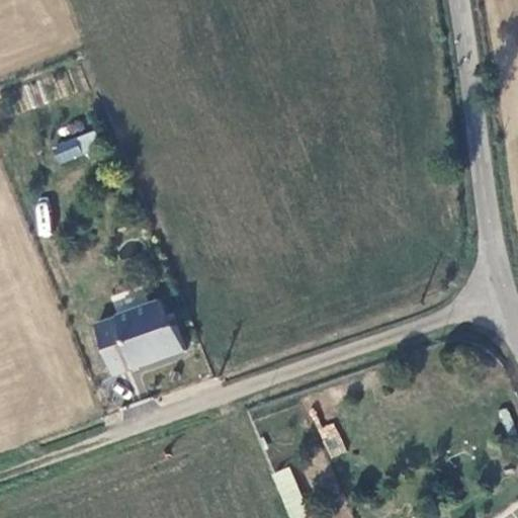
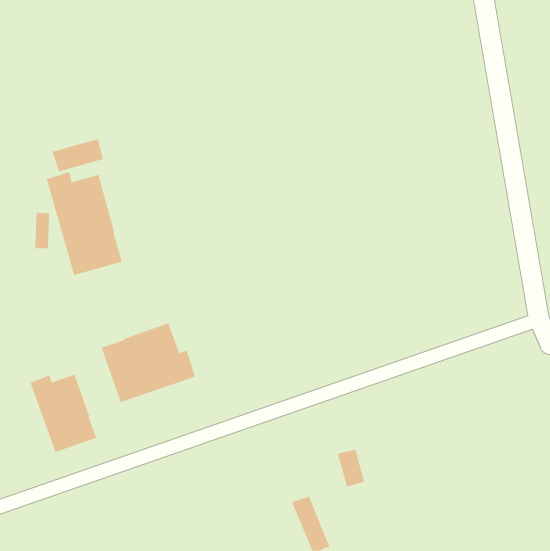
building: none -> [46,171,123,276]
building: none -> [30,374,97,453]

